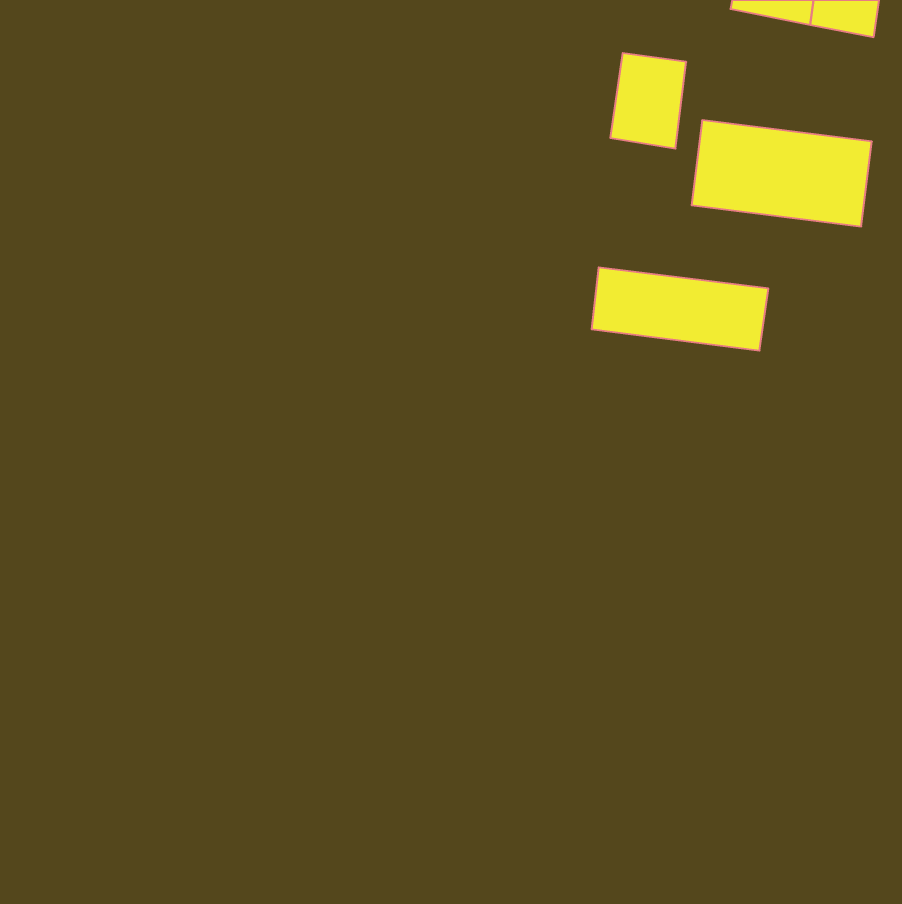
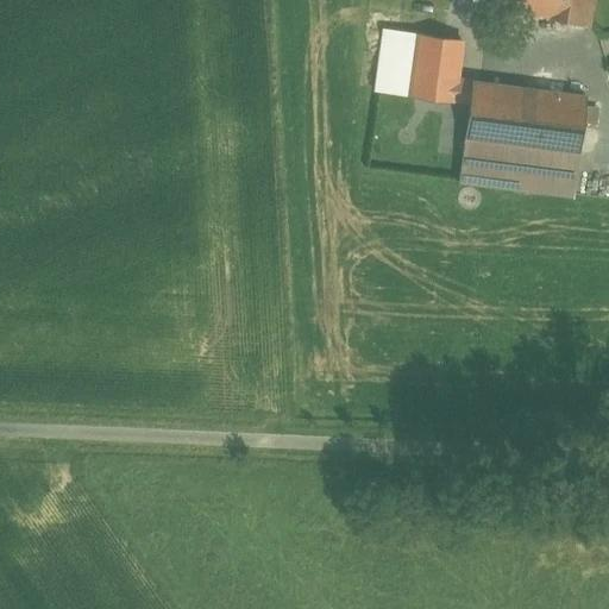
building: none -> [377,31,420,93]
building: [592,267,768,351] -> [462,138,580,194]

